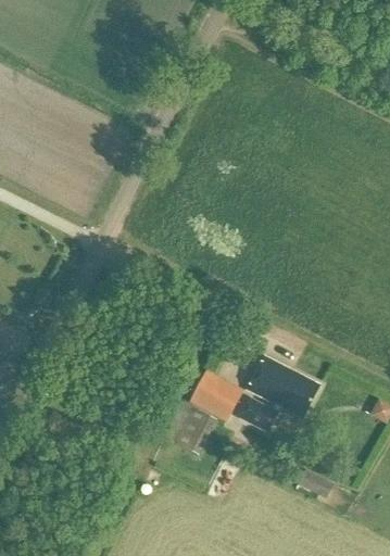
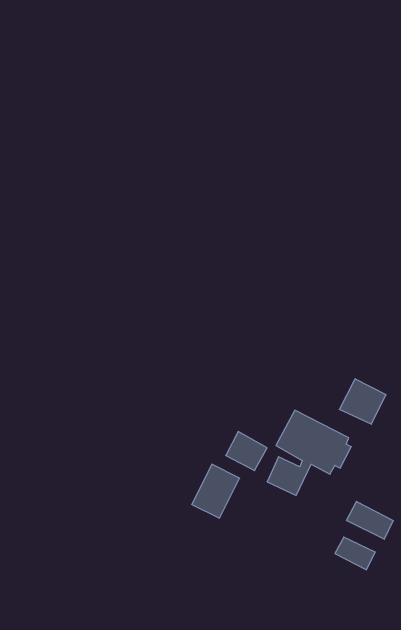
building: none -> [339,379,386,424]
building: none -> [347,501,393,539]

